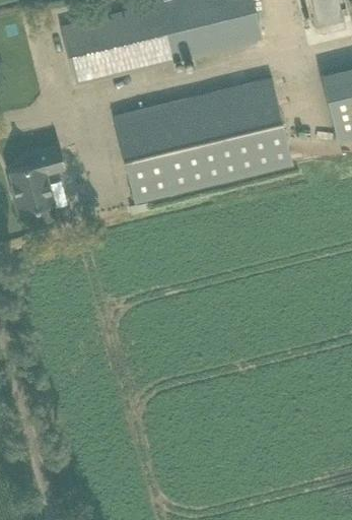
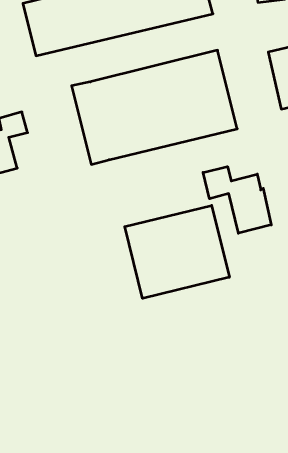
building: none -> [203,167,271,233]
building: none -> [125,205,229,298]

